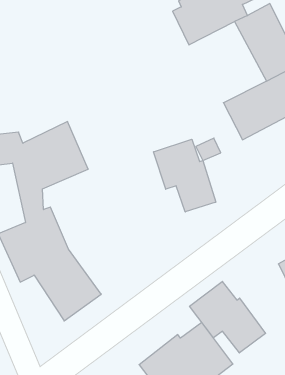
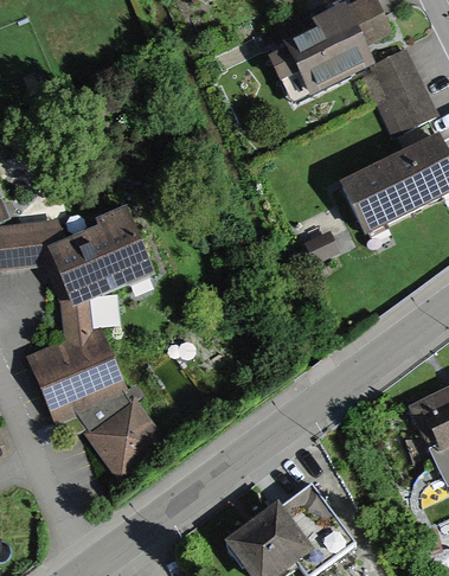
building: [154,139,216,212] -> none
building: [190,281,266,353] -> none

